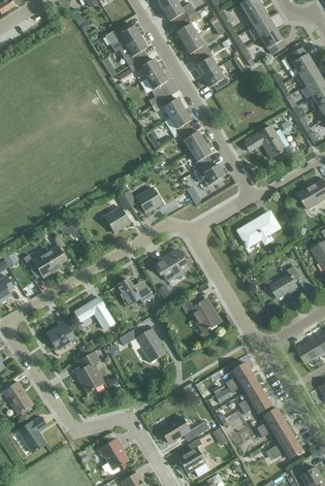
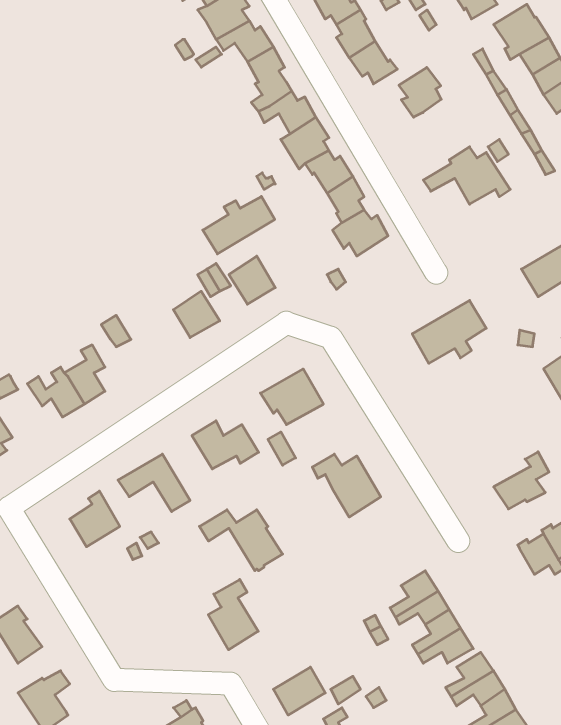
building: none -> [399,67,441,117]
building: none -> [203,196,275,254]
building: [269,265,300,297] -> [494,452,549,509]
building: [75,352,103,391] -> [208,579,258,650]

